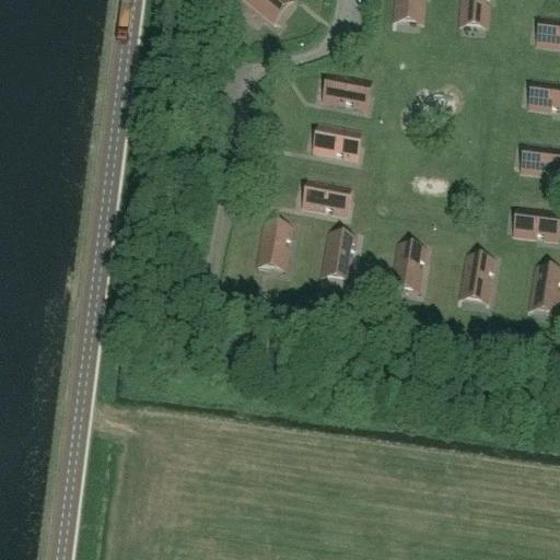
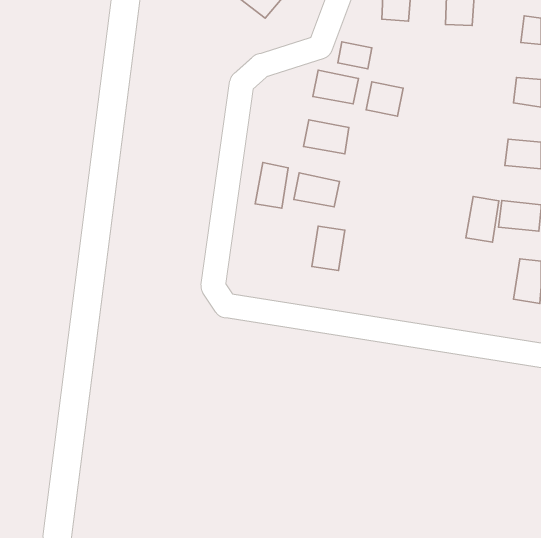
building: none -> [338,42,372,69]
building: none -> [366,82,403,116]
building: [257,222,291,269] -> [255,163,288,208]
building: [392,244,424,290] -> none
building: [459,255,493,302] -> [466,197,499,242]

